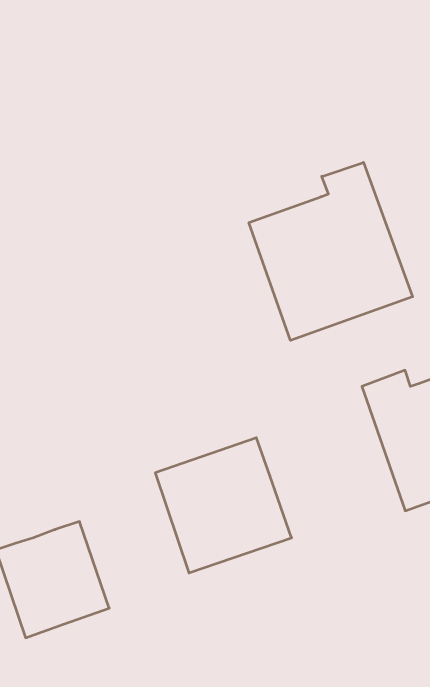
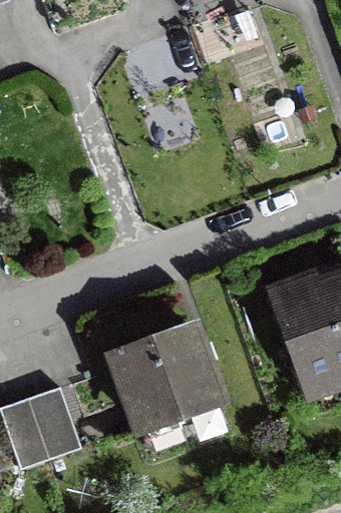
building: [249,162,413,340] -> none

